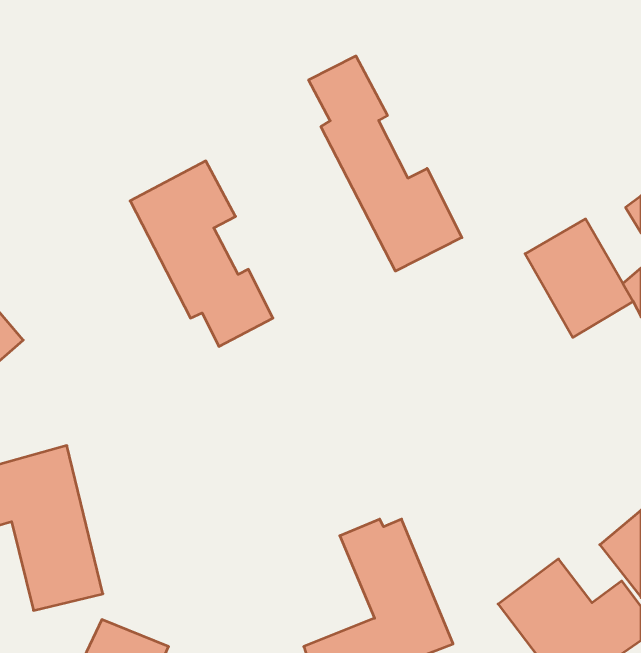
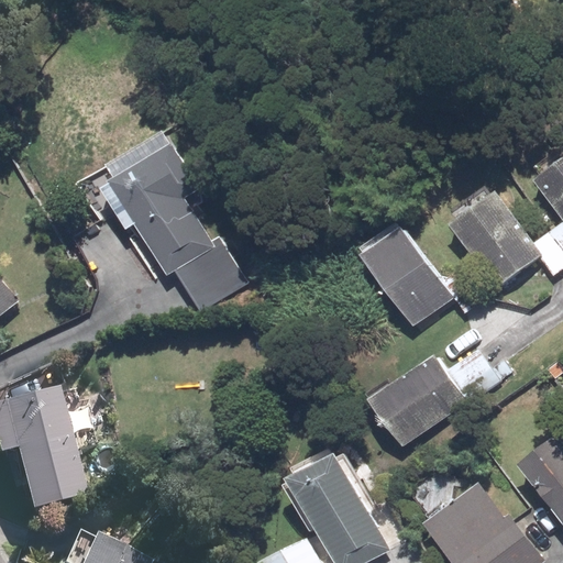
building: [309,56,462,271] -> none
building: none -> [368,229,483,327]
building: none -> [366,353,489,445]

